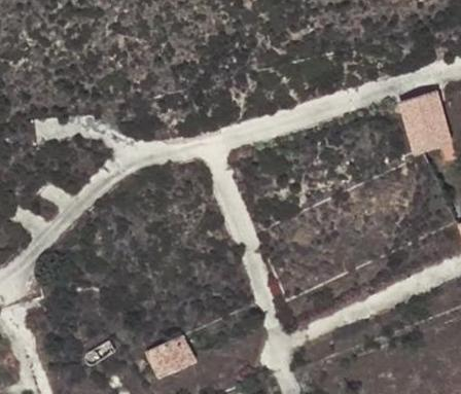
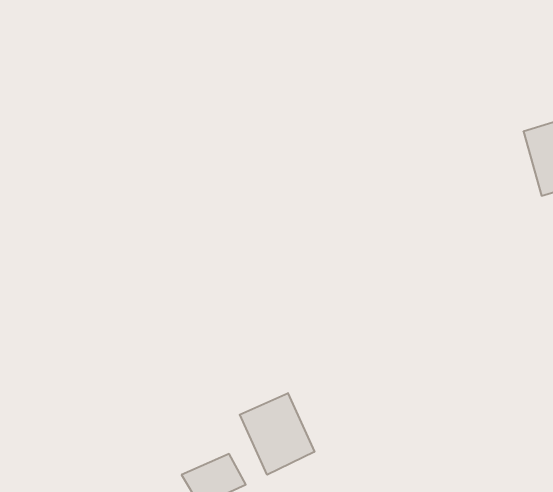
building: none -> [240,393,314,475]

